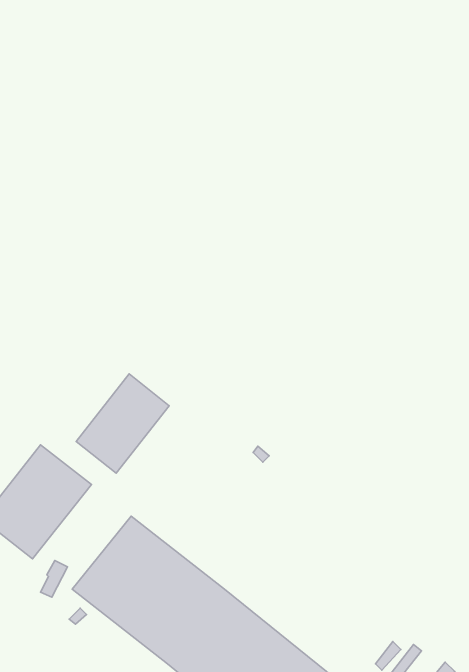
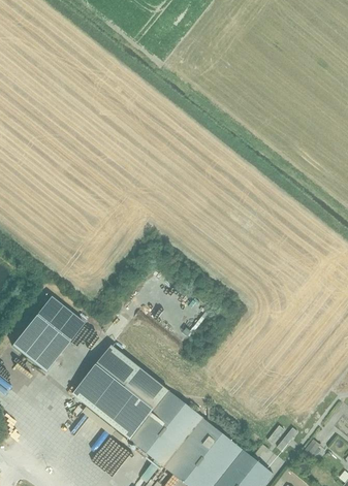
building: [76,374,169,473] -> none

